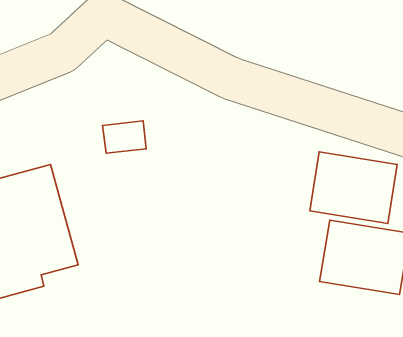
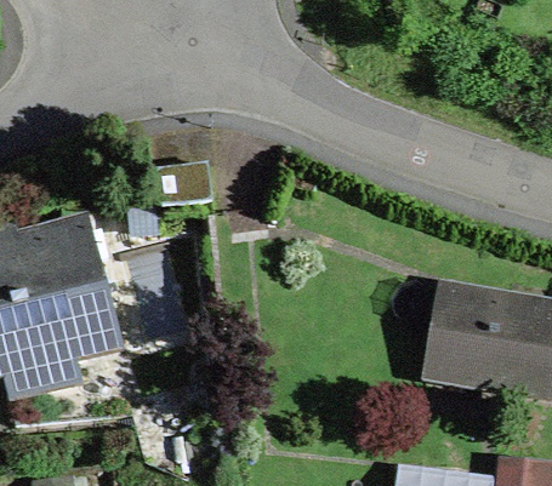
building: [310,152,397,223] -> none

